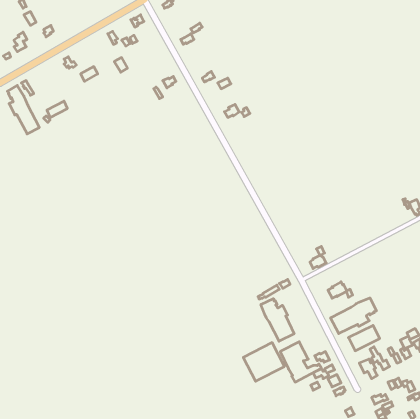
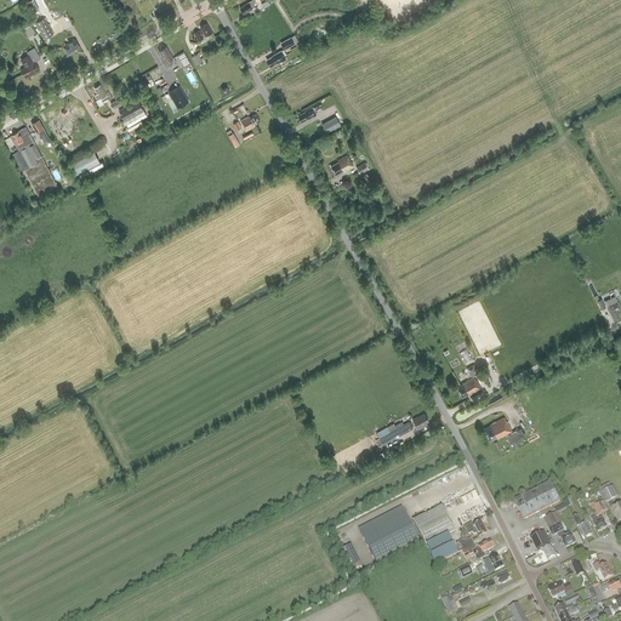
building: [331,298,376,334] -> none
building: [261,299,294,341] -> none

